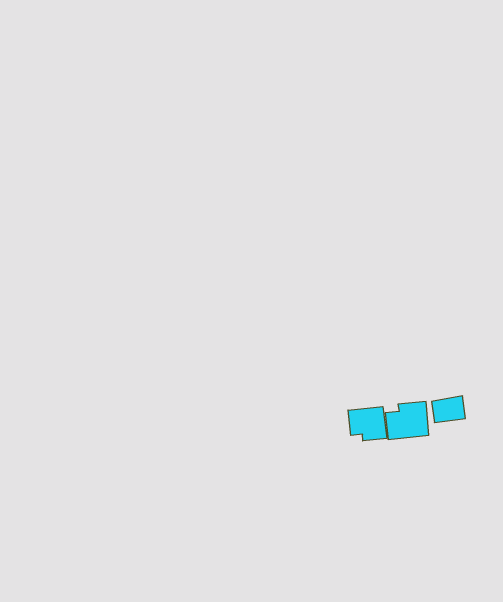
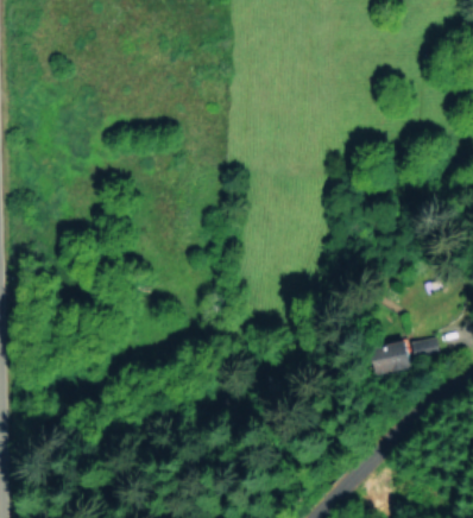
building: [348,407,387,441] -> none

